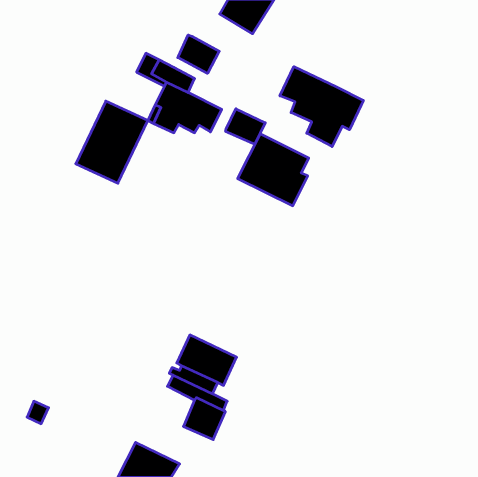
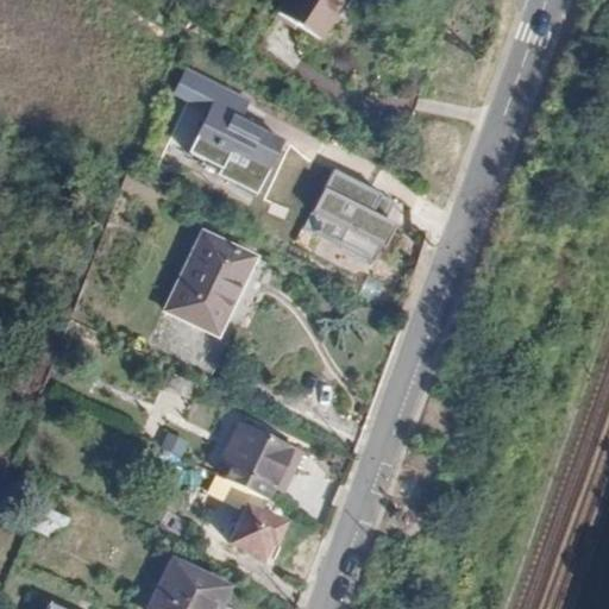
building: [178,35,219,73] -> none
building: [280,67,363,147] -> none
building: [76,101,148,183] -> [165,230,257,334]
building: [226,109,265,144] -> none

